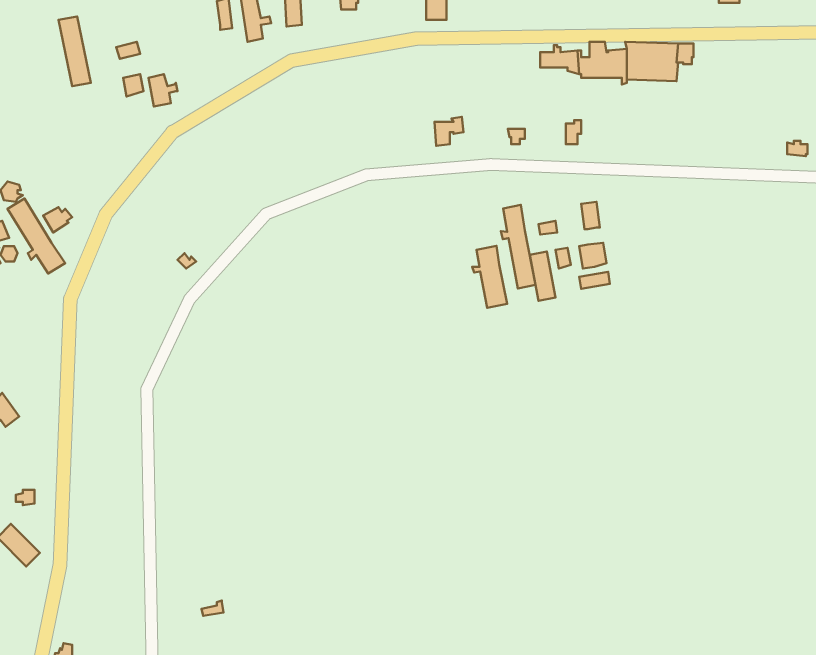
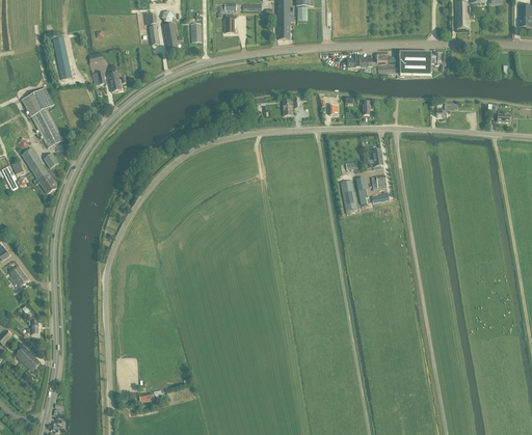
building: none -> [22,86,62,146]
building: [501,205,536,289] -> none
building: [472,246,507,308] -> none

